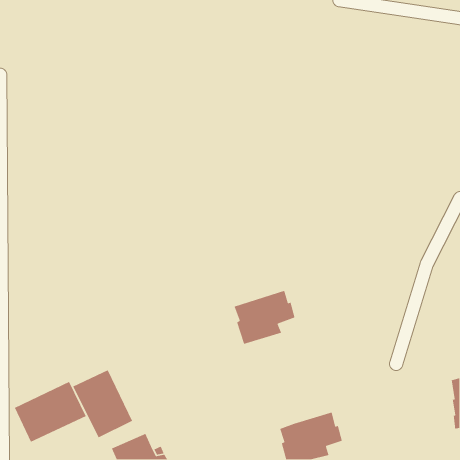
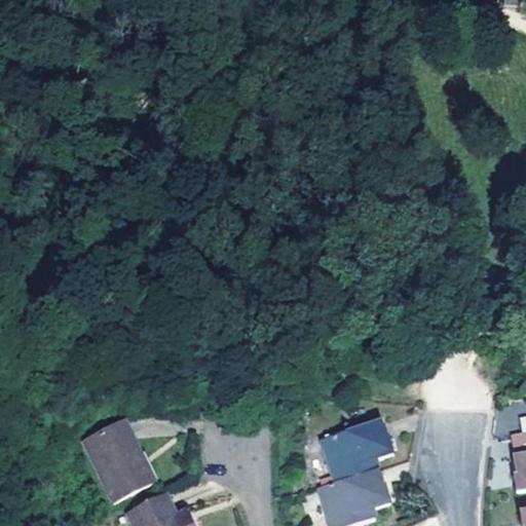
building: [234,290,296,345] -> [324,420,394,483]
building: [14,381,87,443] -> none

